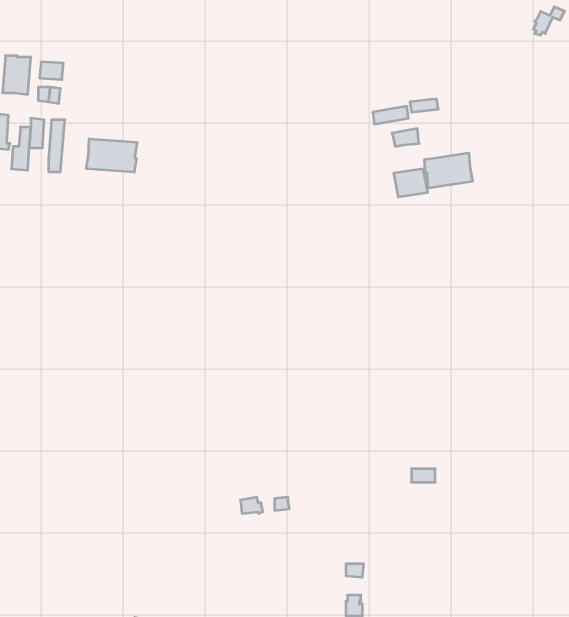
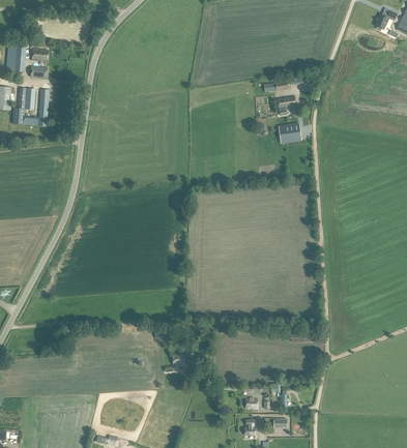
building: [86,139,137,172] -> none
building: [425,153,473,188] -> none

